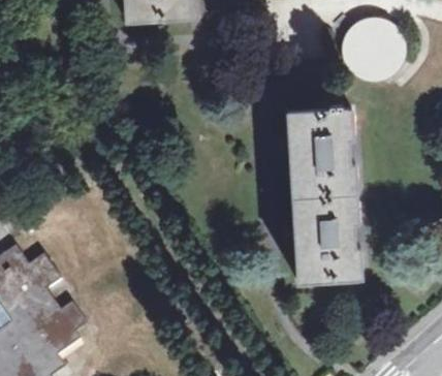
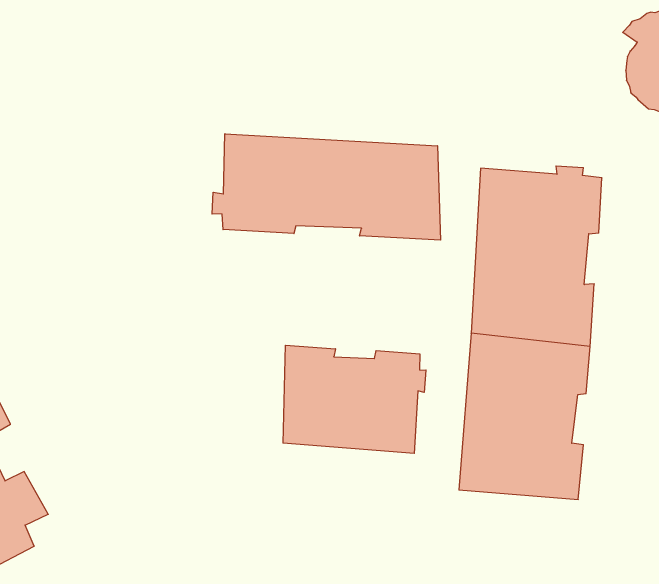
building: none -> [212,134,441,240]
building: none -> [283,345,426,453]

